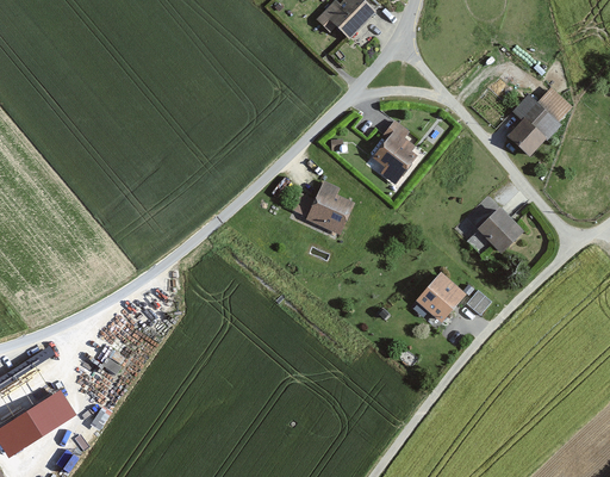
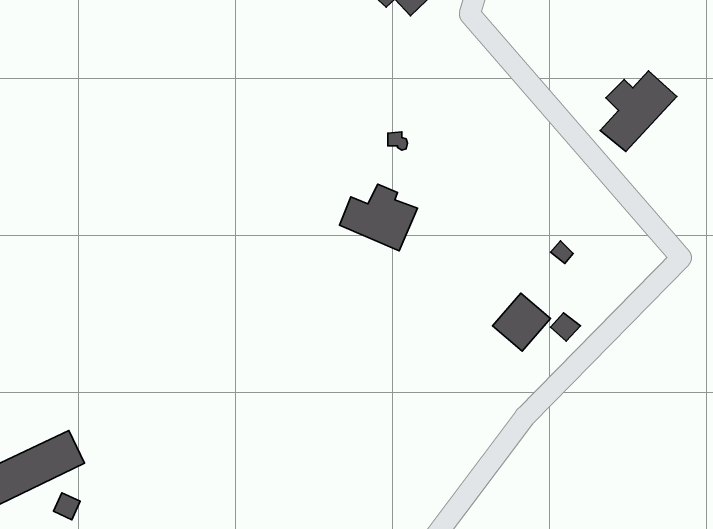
building: [372,120,419,184] -> none
building: [478,207,523,253] -> none

